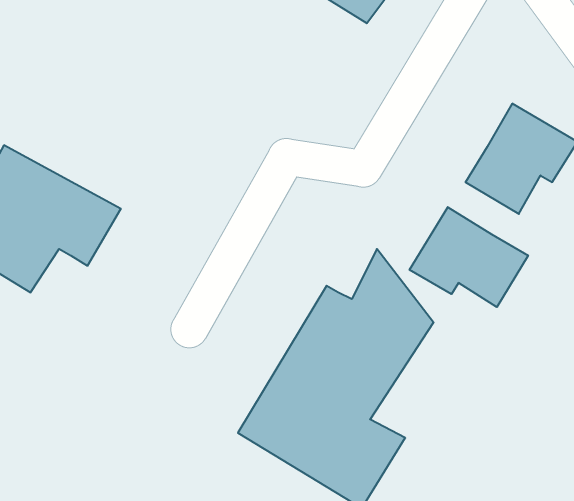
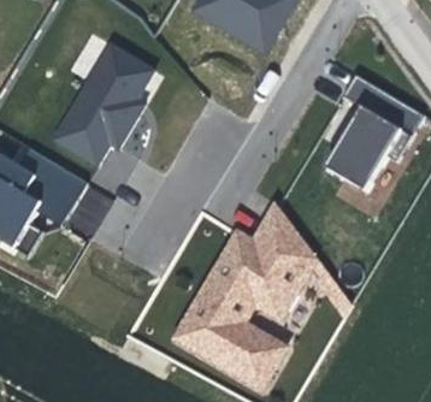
building: none -> [47,42,153,162]
building: [410,207,528,307] -> none

